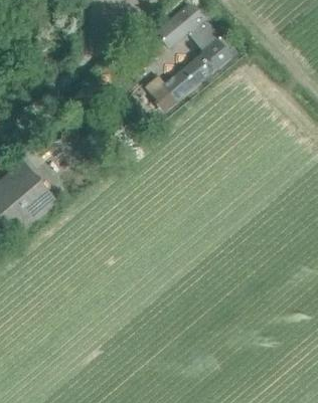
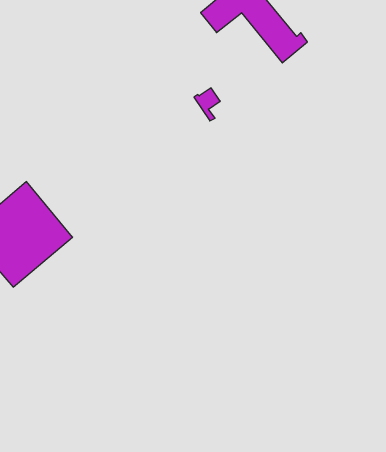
building: [164,52,214,98] -> none

